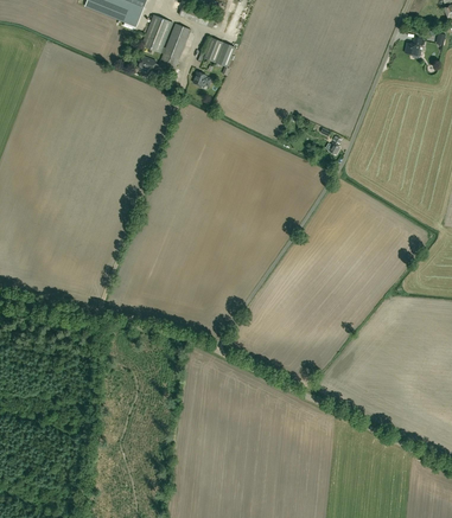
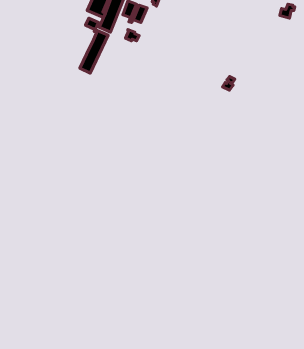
building: none -> [80,30,108,73]

